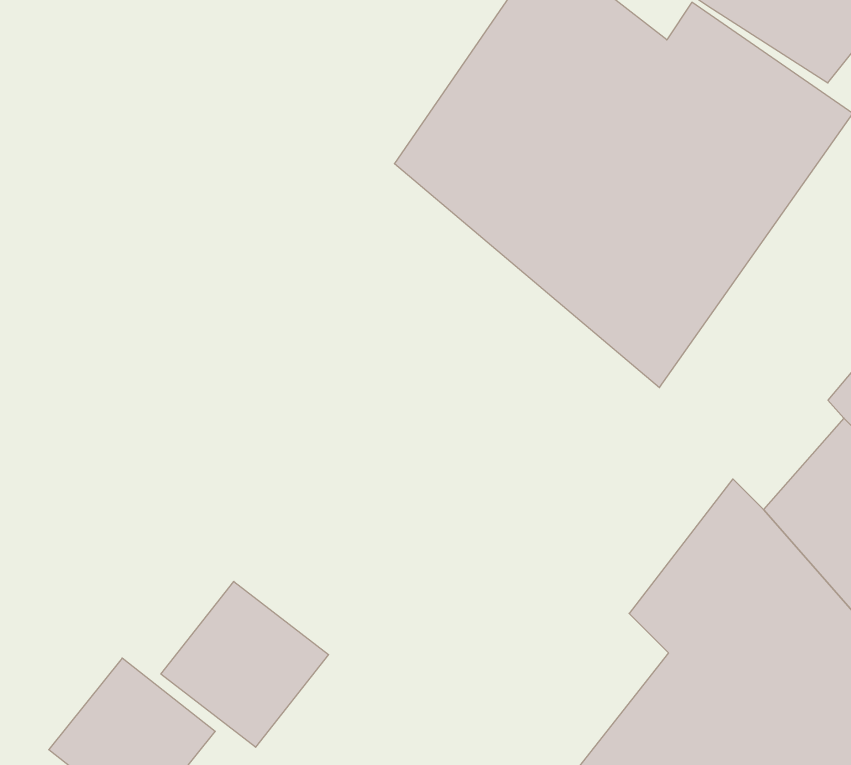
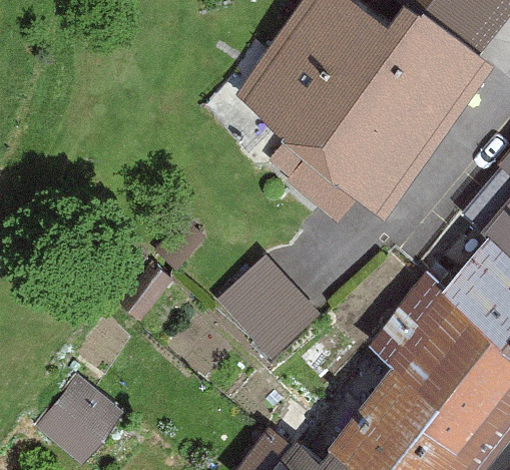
building: none -> [215,255,320,364]
building: [161,581,329,747] -> none

